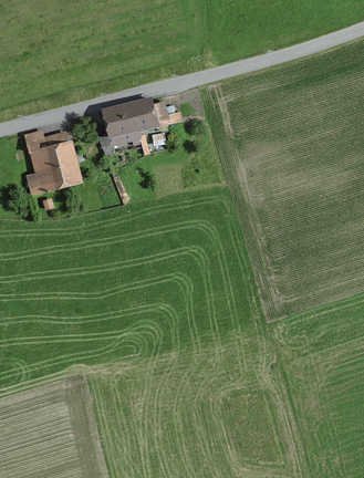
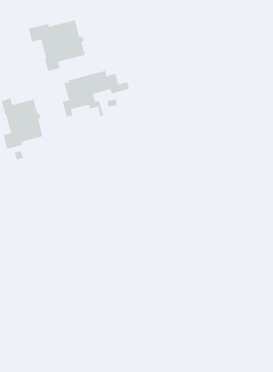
building: none -> [28,19,85,72]

